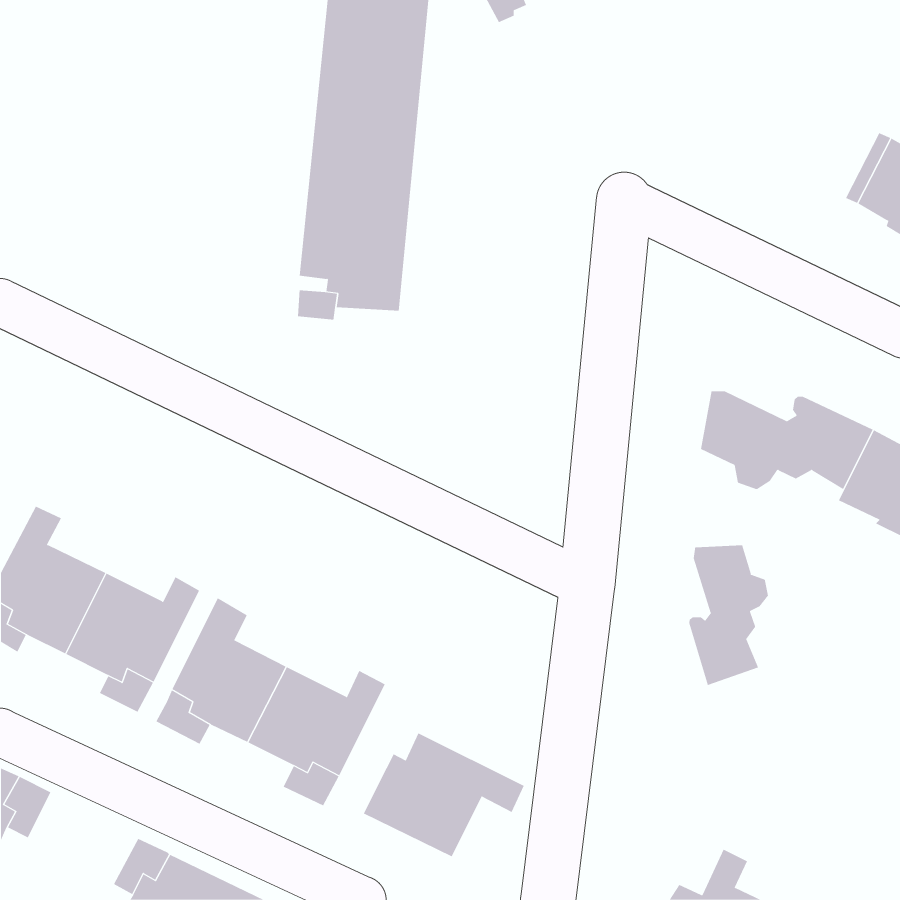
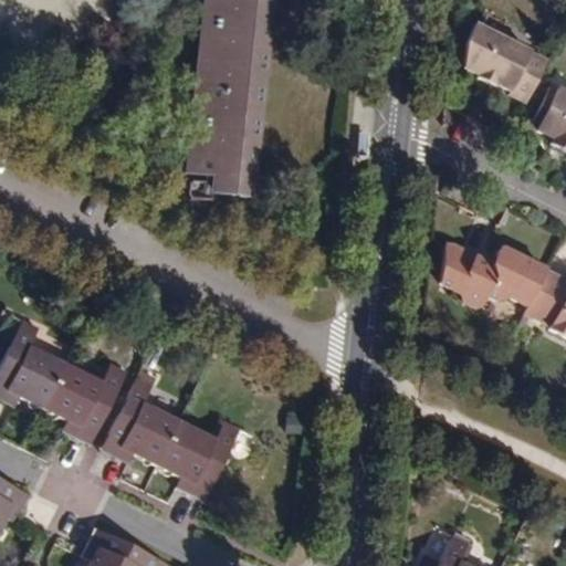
building: none -> [465,22,549,102]
building: [689,545,769,686] -> none
building: [363,732,524,857] -> none

